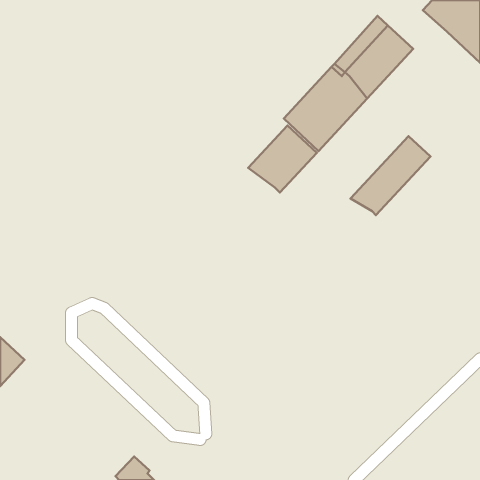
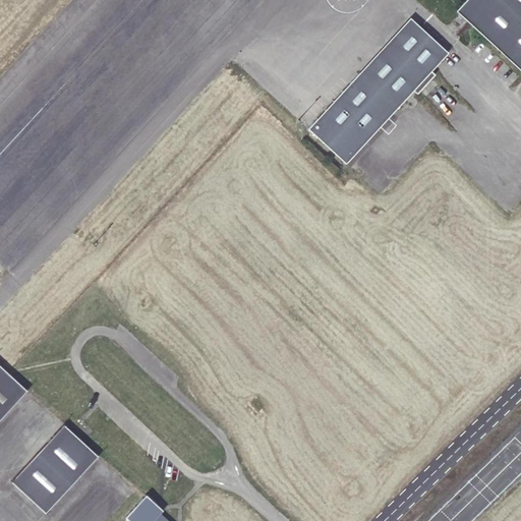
building: [248,125,317,192] -> none
building: [351,136,430,215] -> none
building: none -> [11,424,98,513]

